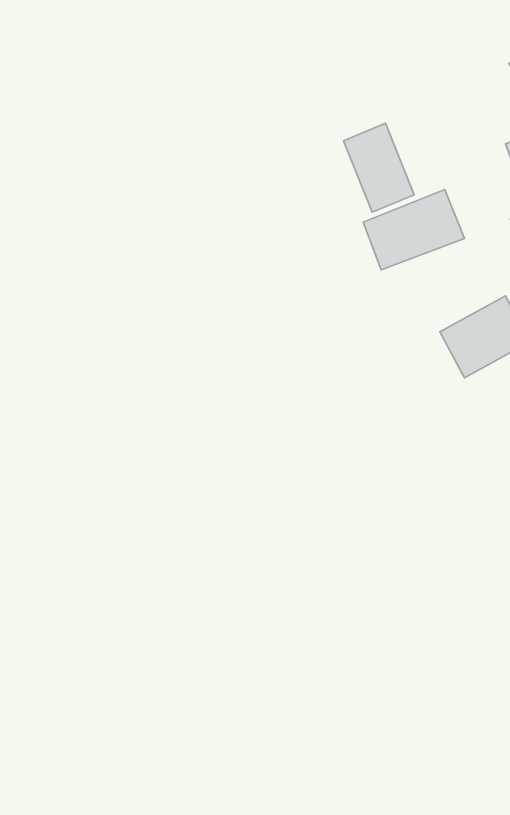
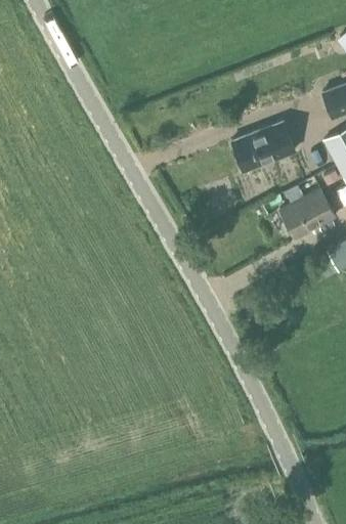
building: [343,123,414,212] -> none

